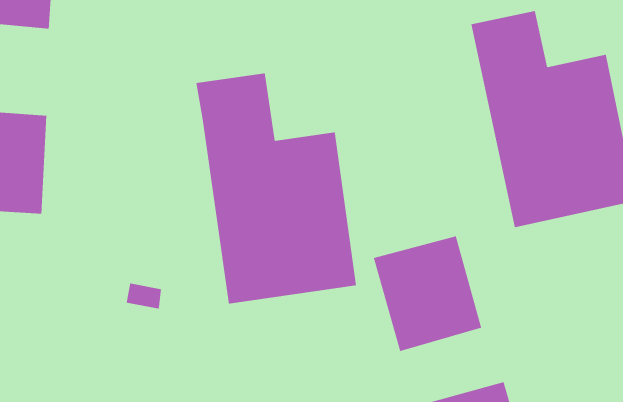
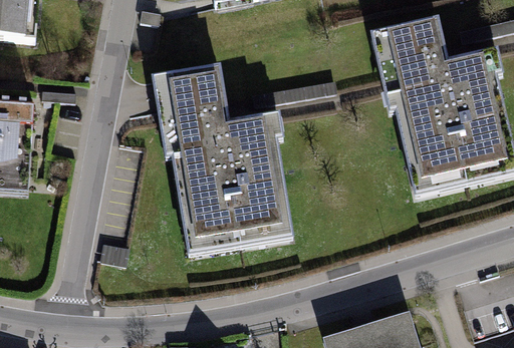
building: [373,236,482,352] -> none

